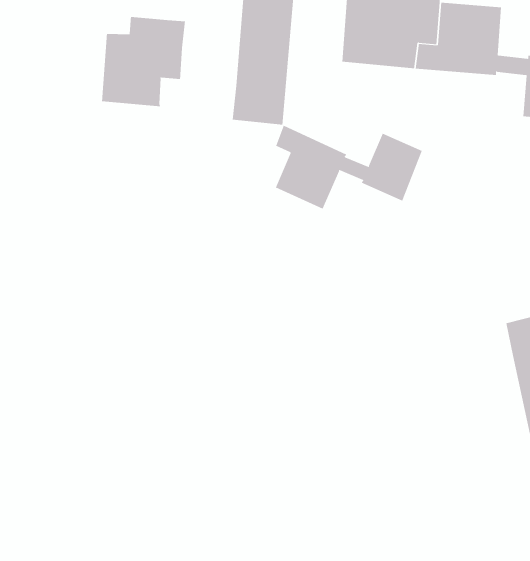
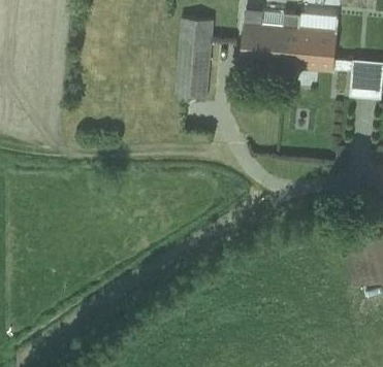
building: [101,16,185,107] -> none
building: [275,125,423,210] -> none

